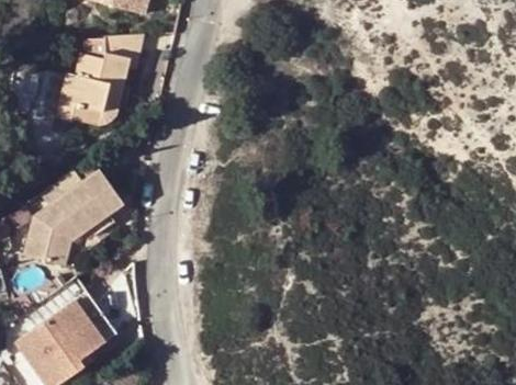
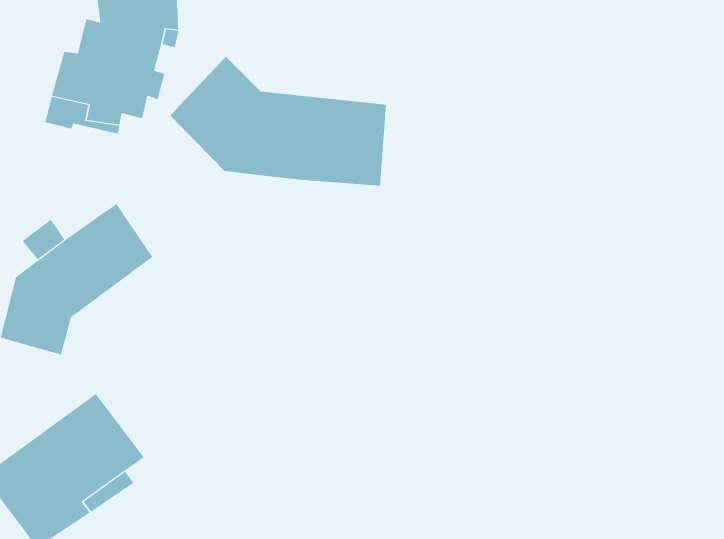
building: none -> [169,56,386,186]

